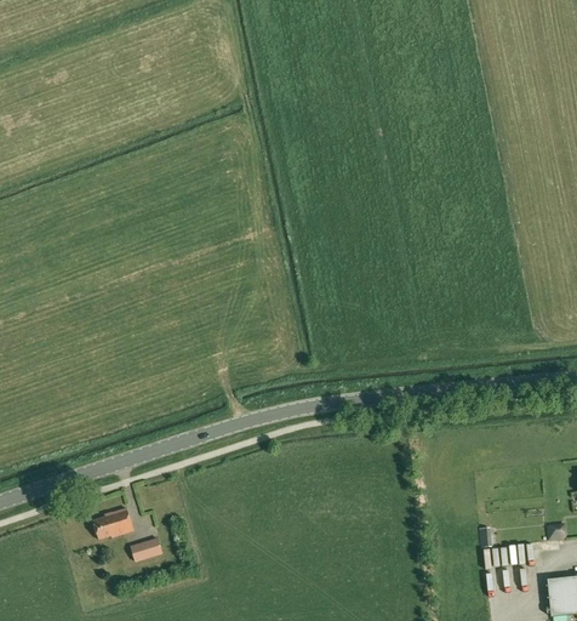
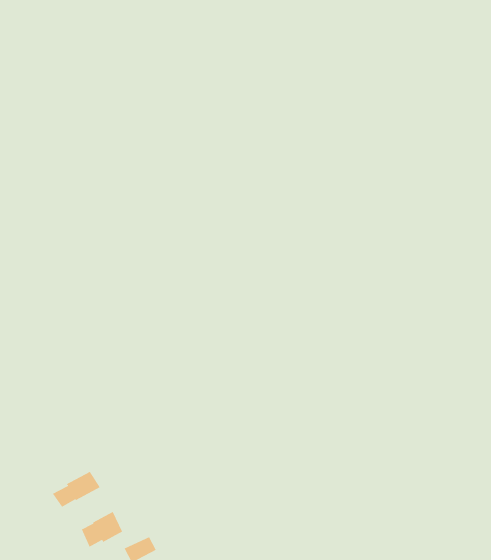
building: none -> [52,471,101,508]

